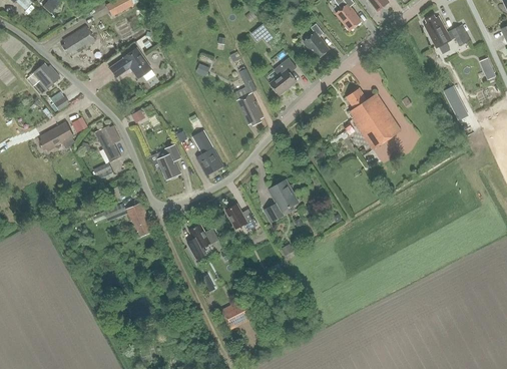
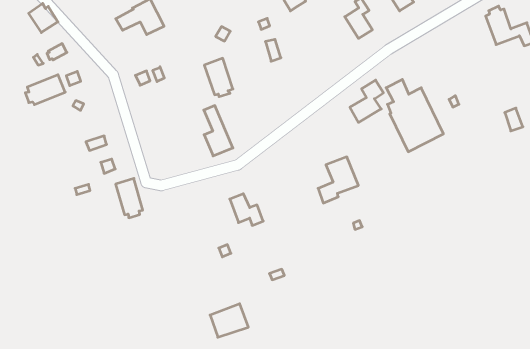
building: [270,57,297,95] -> [350,80,383,122]
building: [236,92,264,125] -> [204,58,233,97]
building: [95,125,121,161] -> none
building: [150,145,180,178] -> none
building: [265,179,299,222] -> [318,157,358,203]
building: [188,225,218,260] -> none

